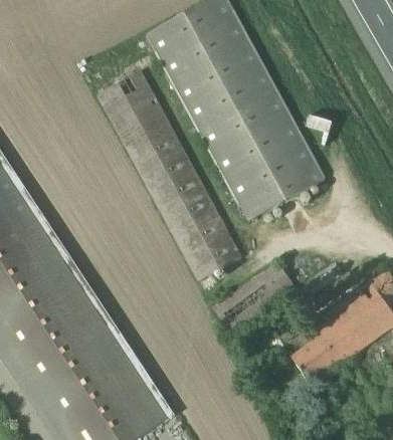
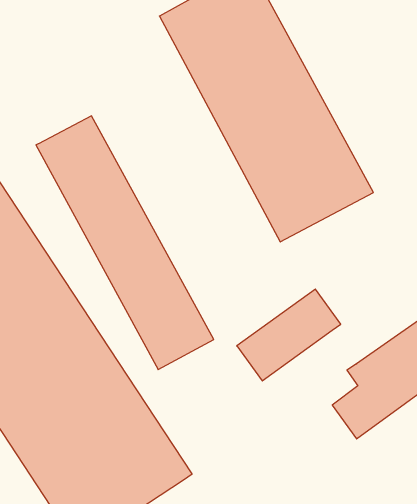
building: [94,70,242,281] -> [36,116,214,370]

